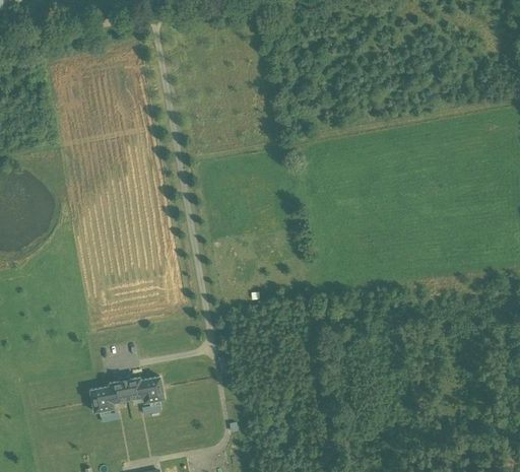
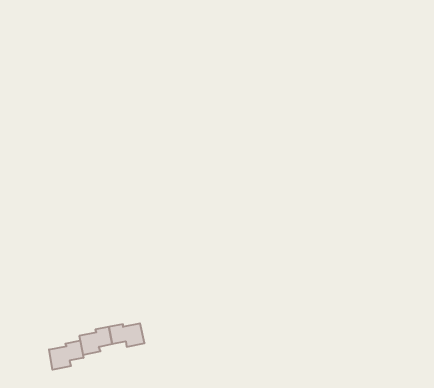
building: none -> [49,341,83,370]

